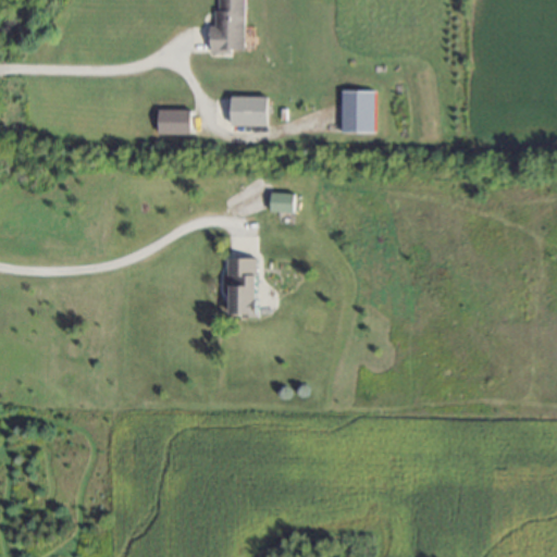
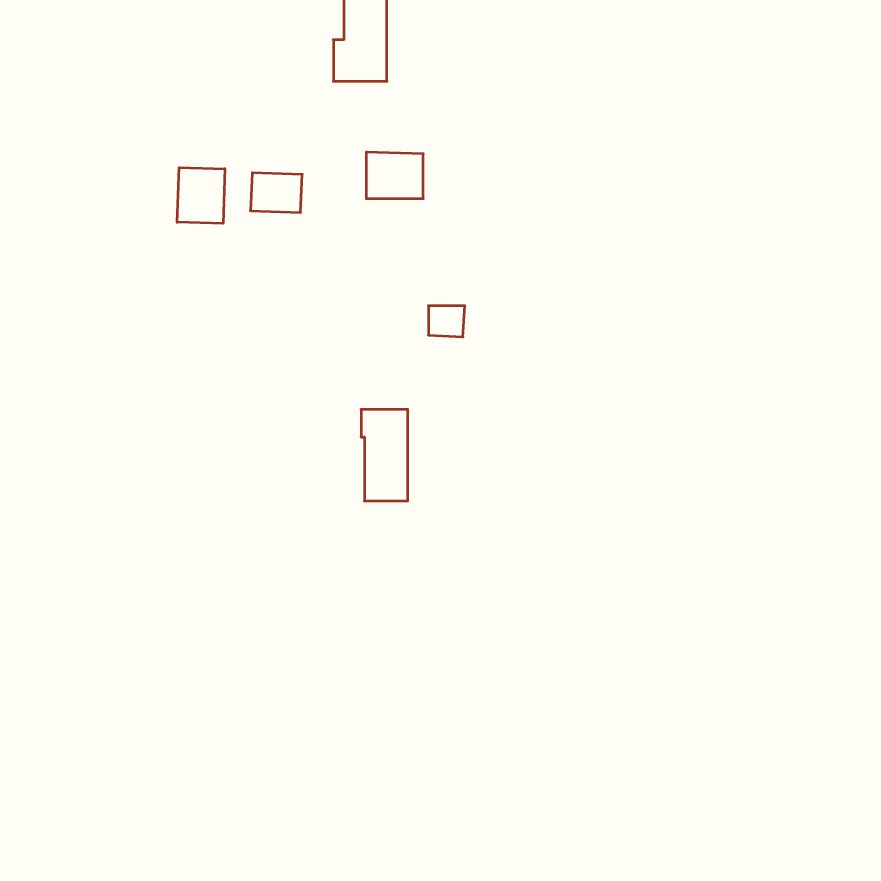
building: [341,90,374,132] -> none
building: none -> [177,168,225,223]

